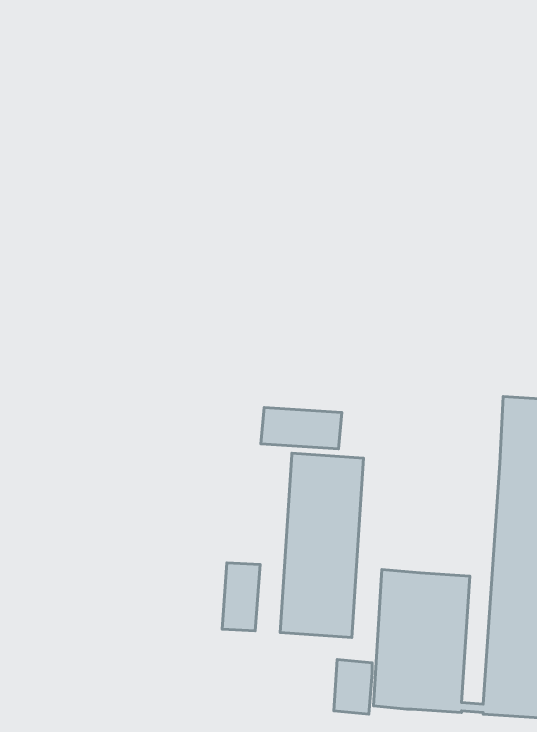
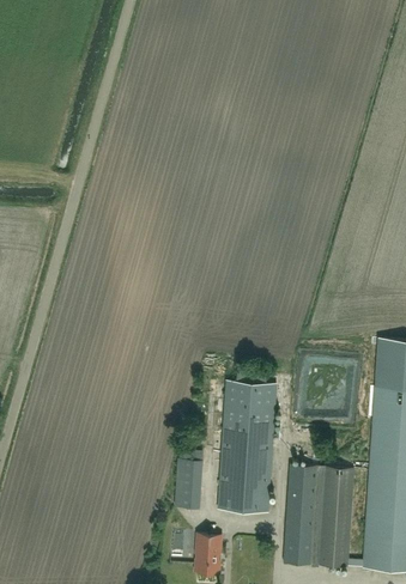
building: [261,407,342,449] -> none
building: [334,659,372,714] -> [194,535,222,574]

